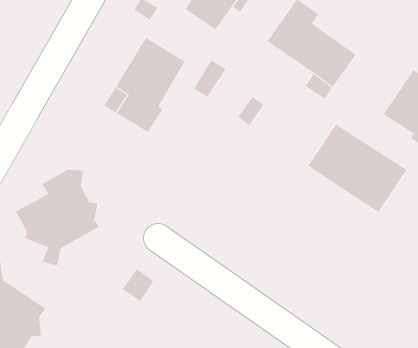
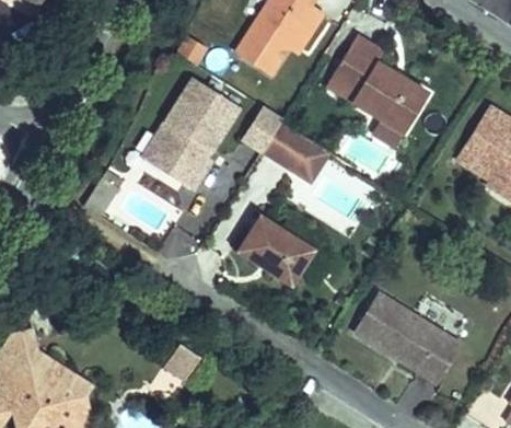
building: none -> [265,116,314,162]
building: [307,124,407,213] -> [350,280,462,380]
building: none -> [235,205,311,276]
building: [15,169,99,266] -> none

